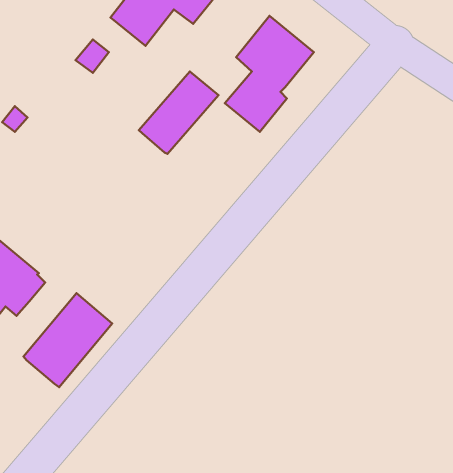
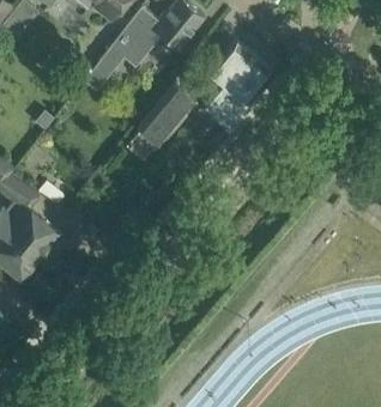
building: [24,293,112,387] -> none

